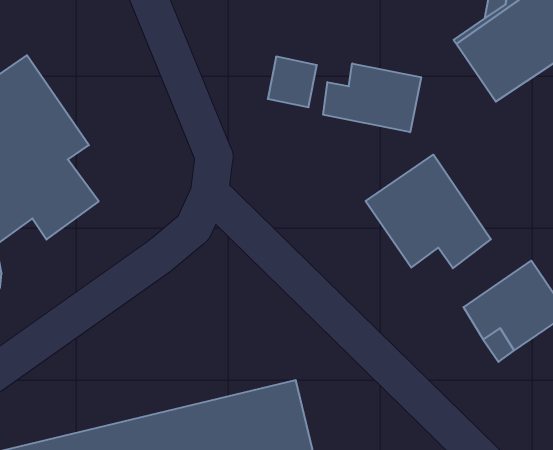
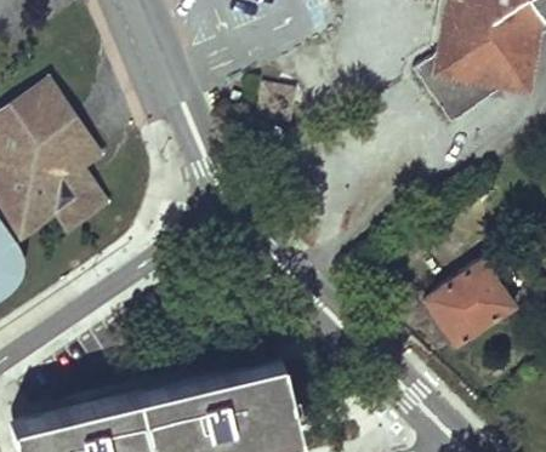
building: [323,63,421,132] -> none
building: [366,155,491,268] -> none

